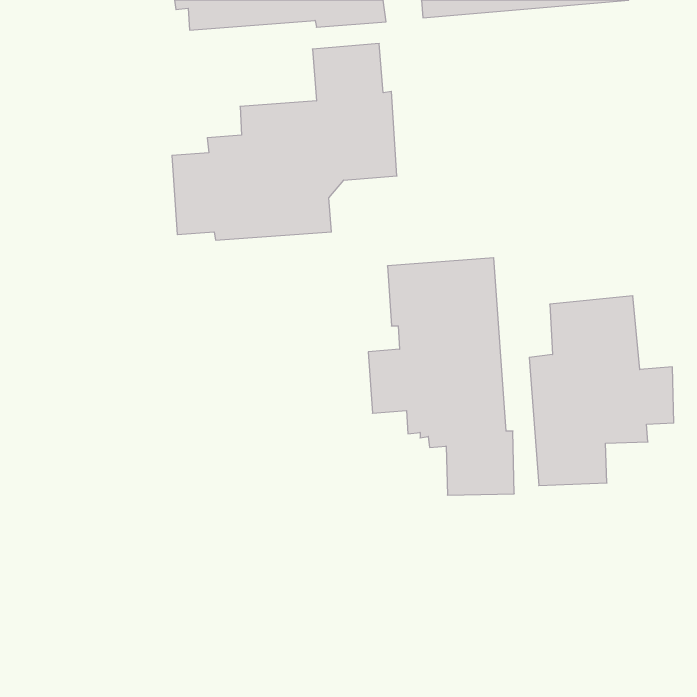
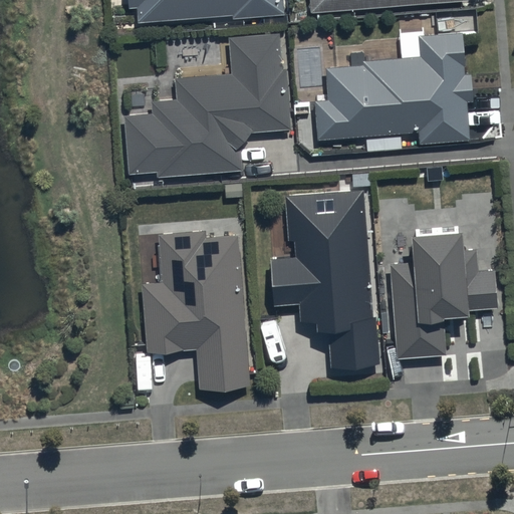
building: none -> [313,32,473,153]
building: none -> [143,230,248,387]

